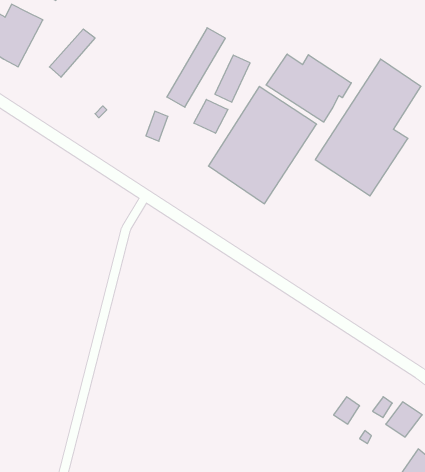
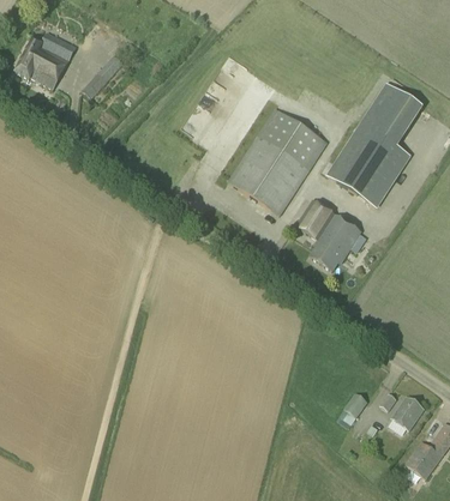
building: [266,54,351,122] -> none
building: [194,99,228,133] -> none
building: none -> [295,198,361,271]

